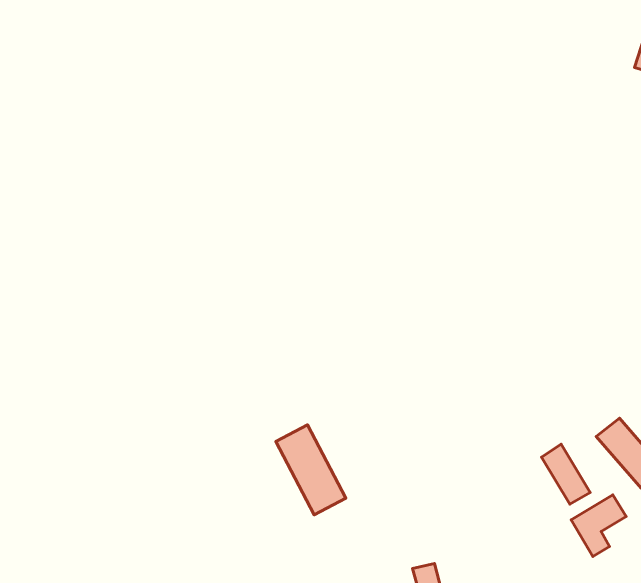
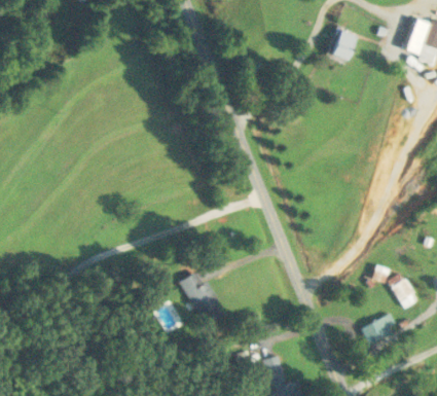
building: none -> [326,27,357,63]
building: [542,444,590,504] -> none

